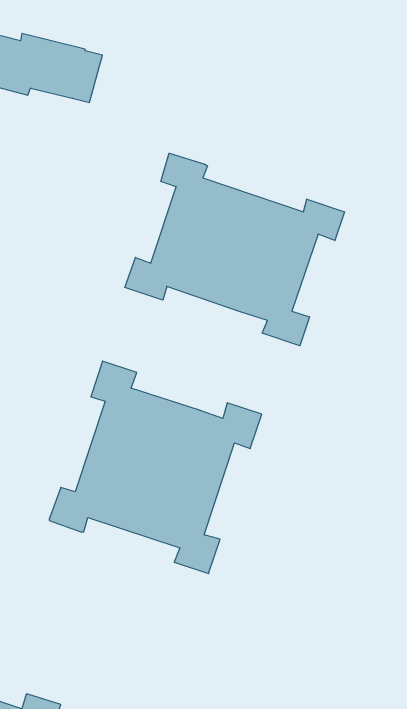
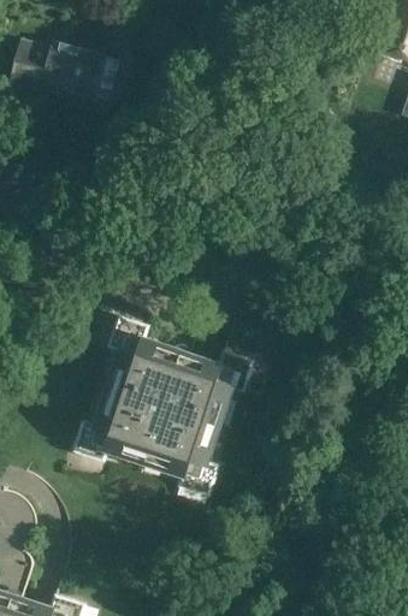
building: [125,153,345,346] -> none

